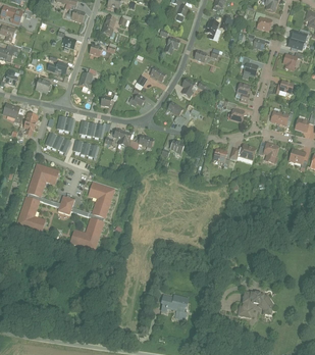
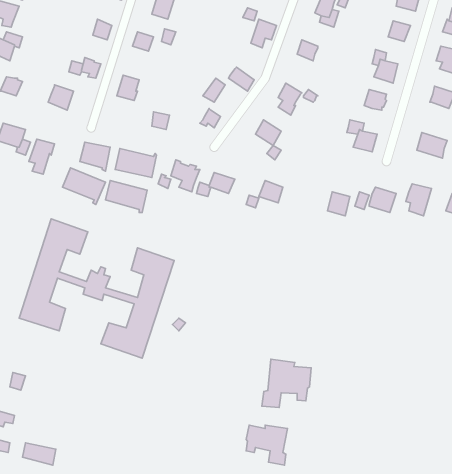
building: none -> [262,359,311,407]
building: [237,292,273,318] -> none

